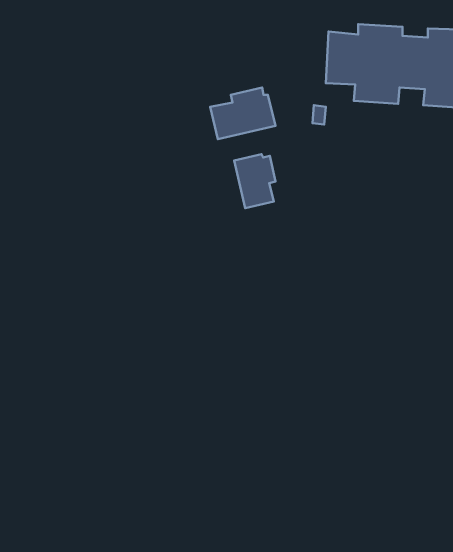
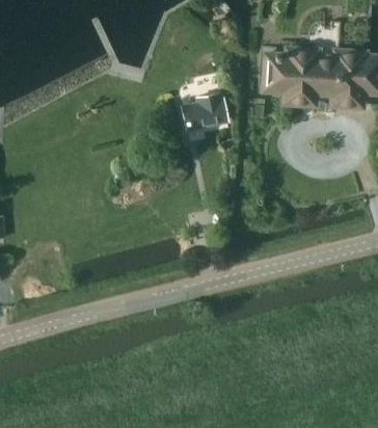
building: [234,154,275,208] -> none

